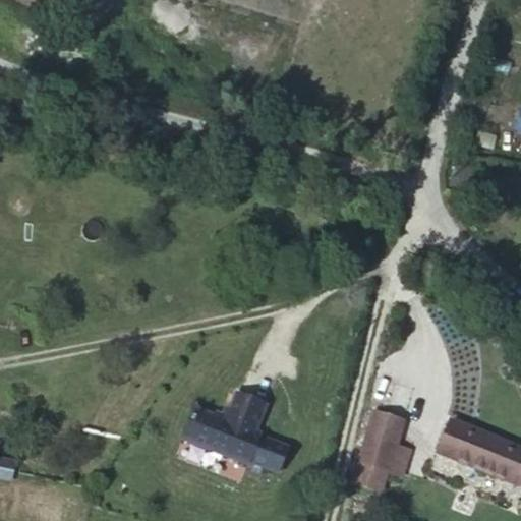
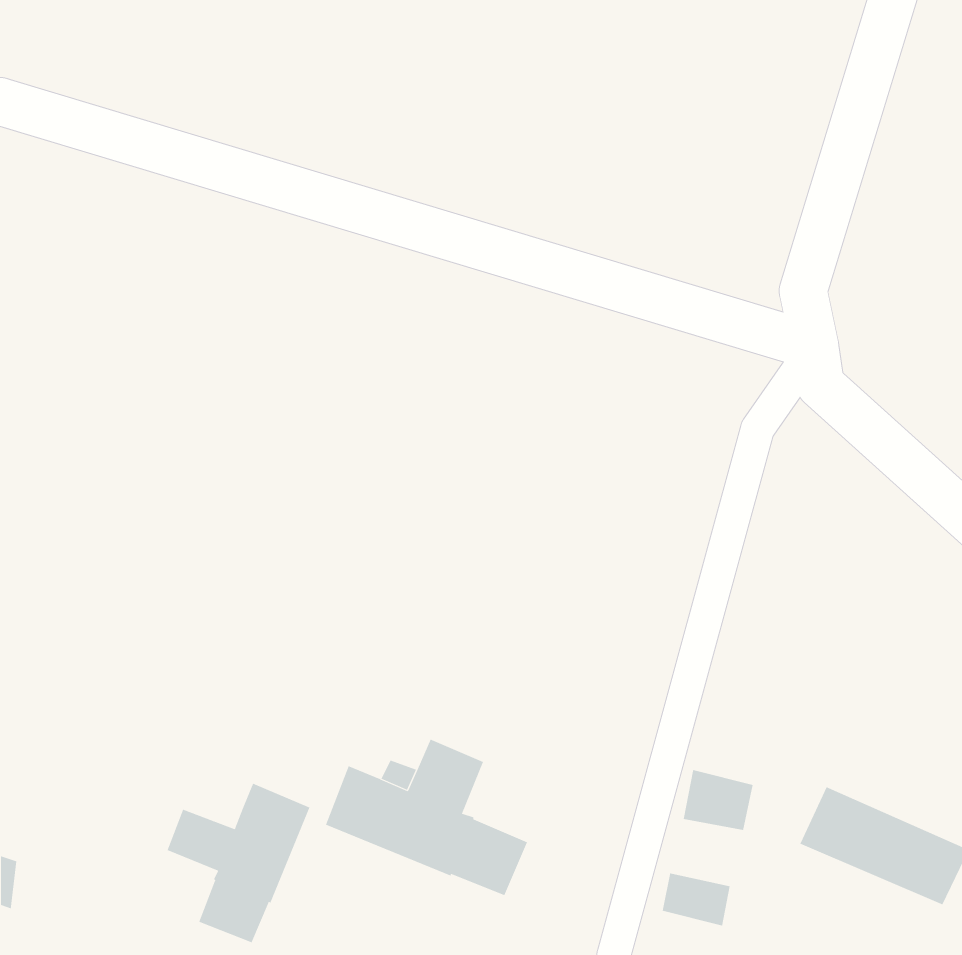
building: none -> [167,783,310,943]
building: [364,436,404,471] -> none

